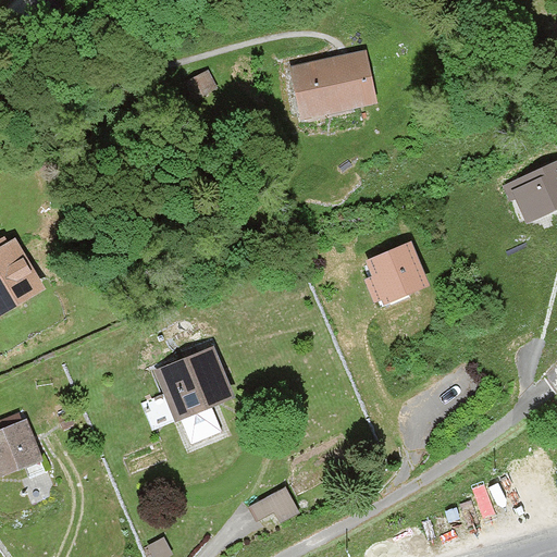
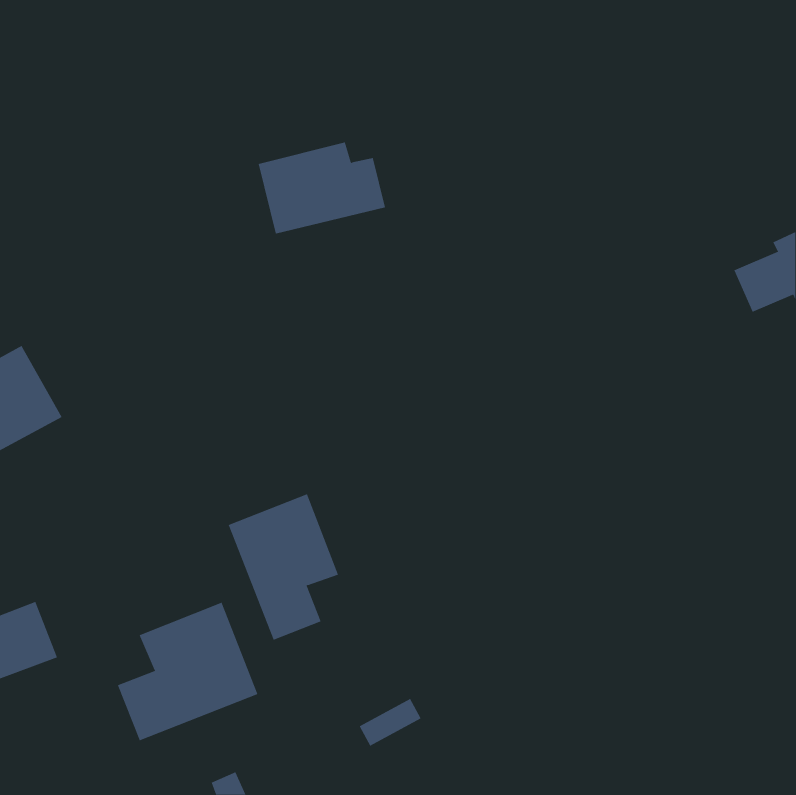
building: [281,54,370,119] -> [258,142,386,234]
building: [367,246,425,306] -> none
building: none -> [117,602,258,741]

